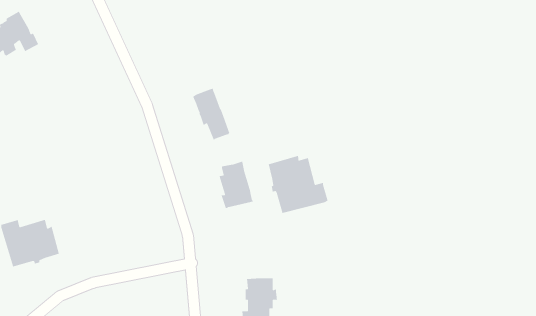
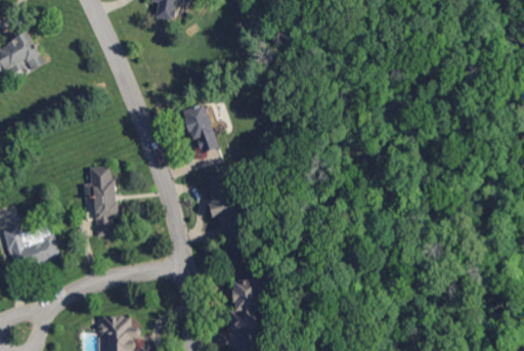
building: [268,155,329,214] -> none
building: none -> [83,167,117,236]

